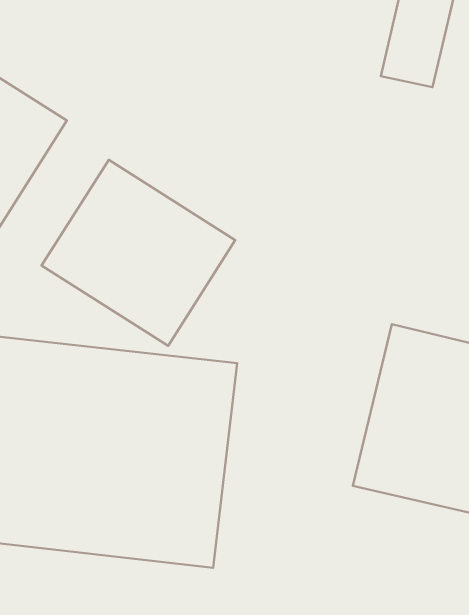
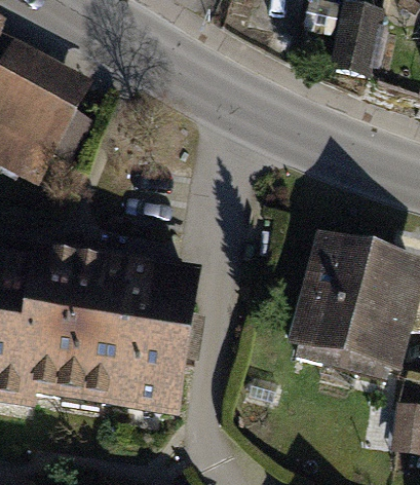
building: [42,160,235,346] -> none

